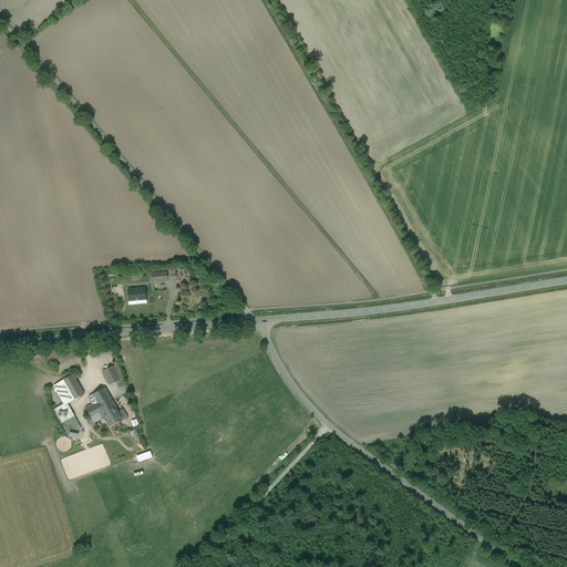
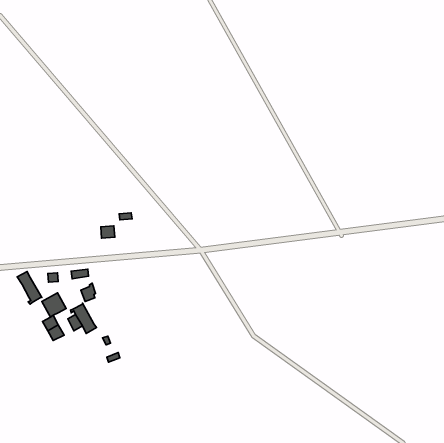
building: none -> [17,271,42,304]

